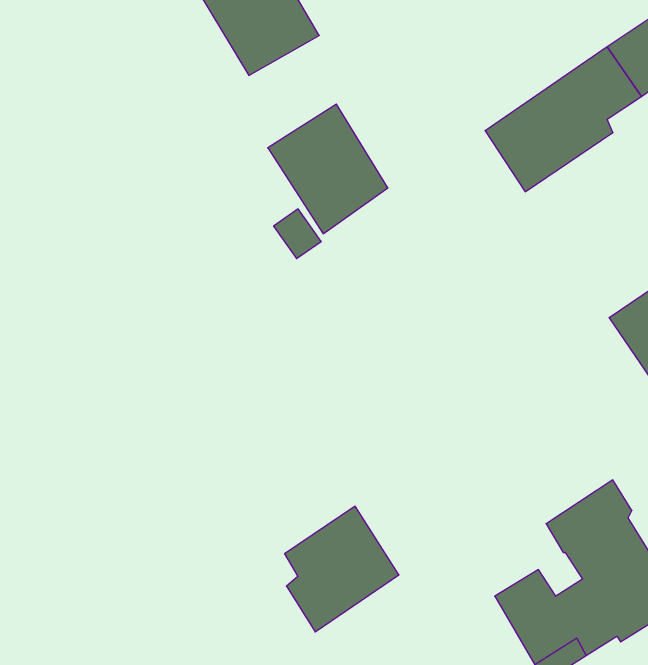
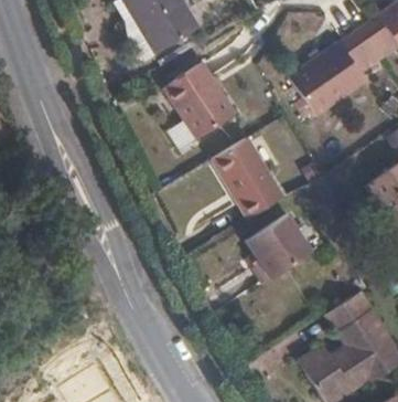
building: none -> [212,138,283,224]
building: [285,506,399,632] -> [245,212,311,285]

